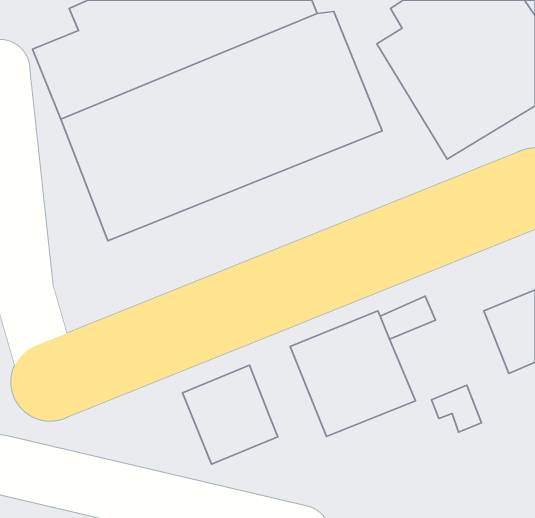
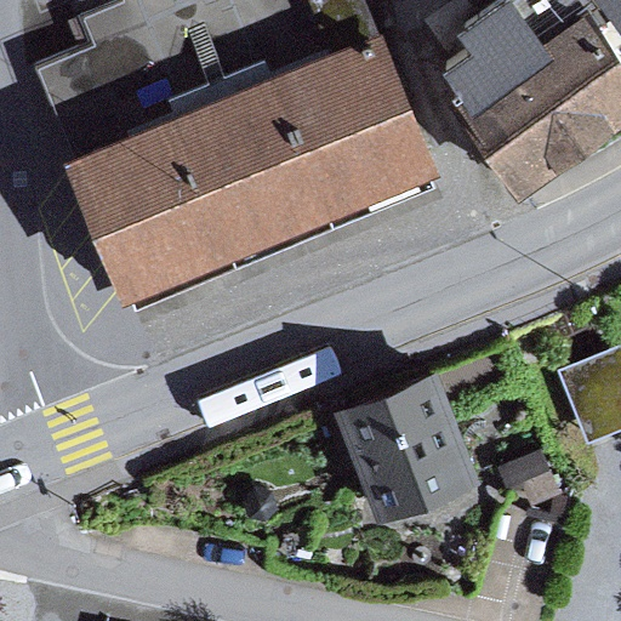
building: [182,365,278,464] -> none

